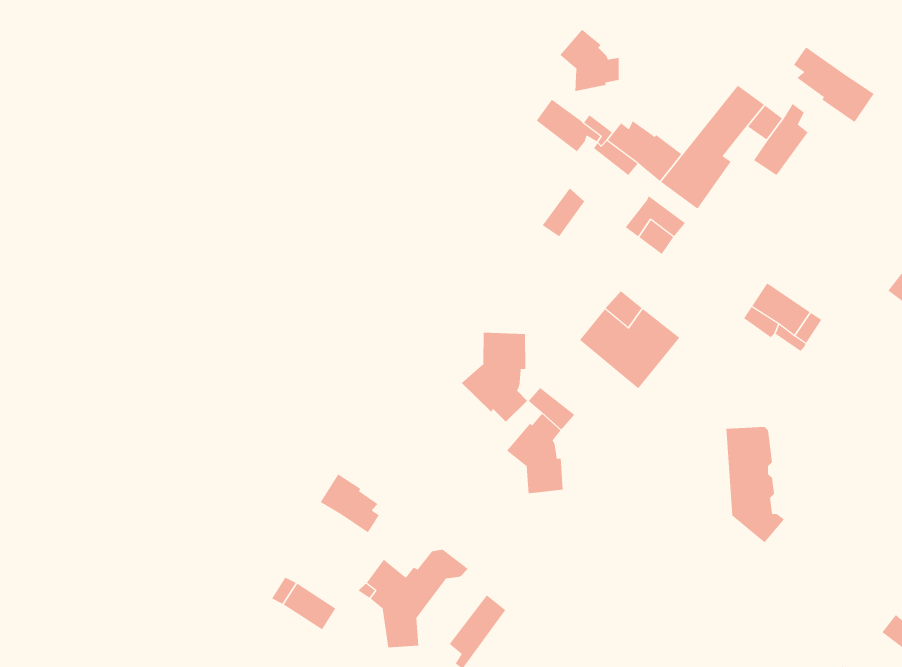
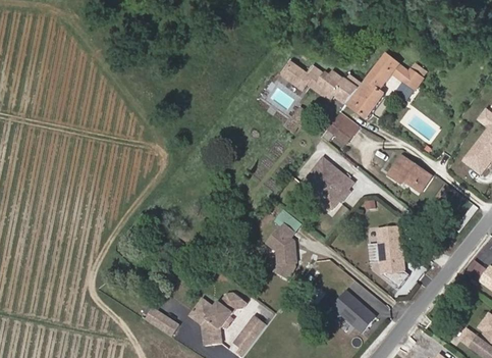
building: [559,29,619,92] -> none
building: [793,46,875,123] -> none
building: [461,332,528,423] -> none
building: [320,474,380,533] -> none
building: none -> [334,291,377,330]

